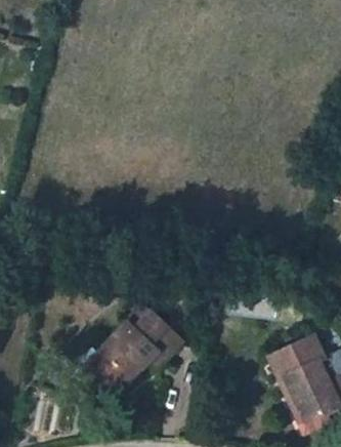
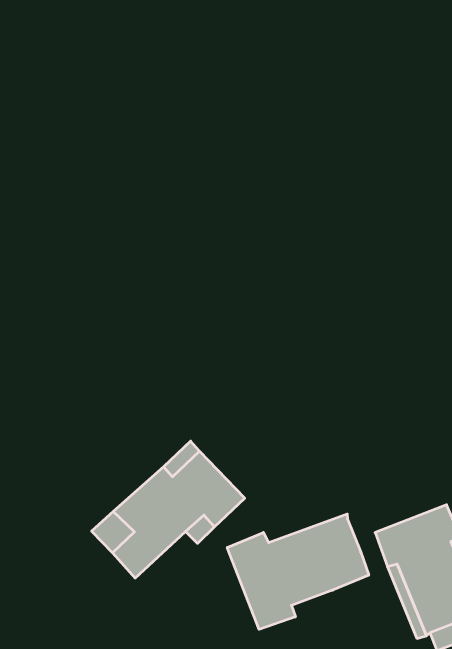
building: none -> [227,514,369,629]

